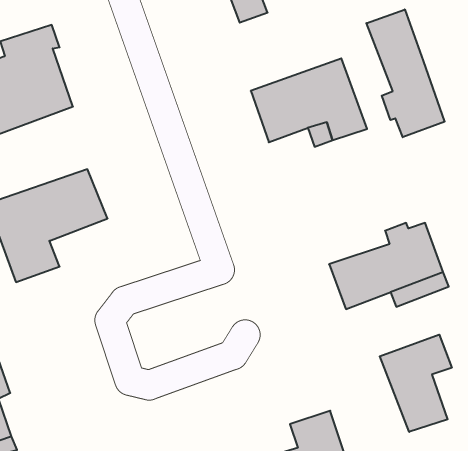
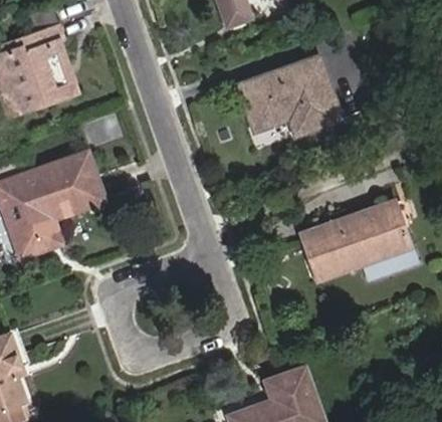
building: [366,9,445,137] -> none
building: [380,335,452,432] -> none

